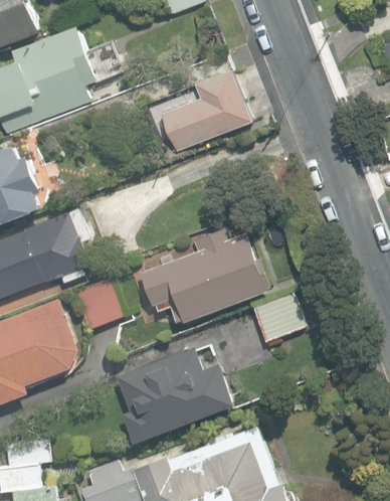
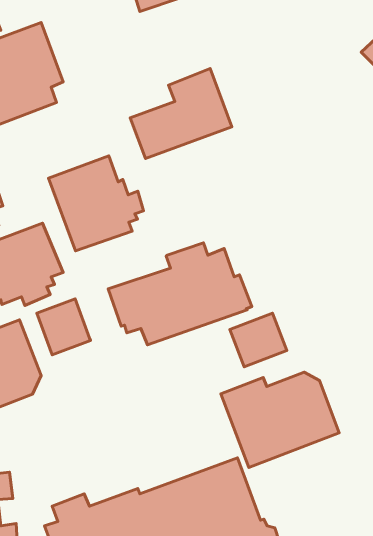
building: none -> [48,156,144,251]
building: [116,347,233,444] -> none
building: none -> [221,372,339,468]

